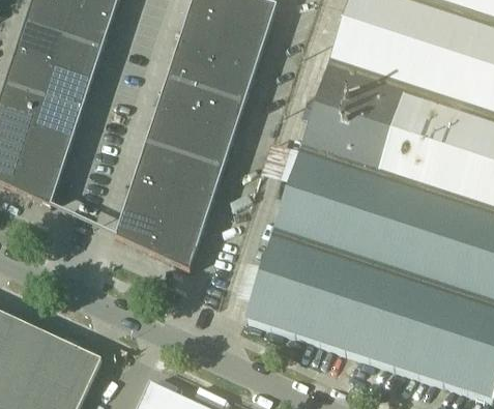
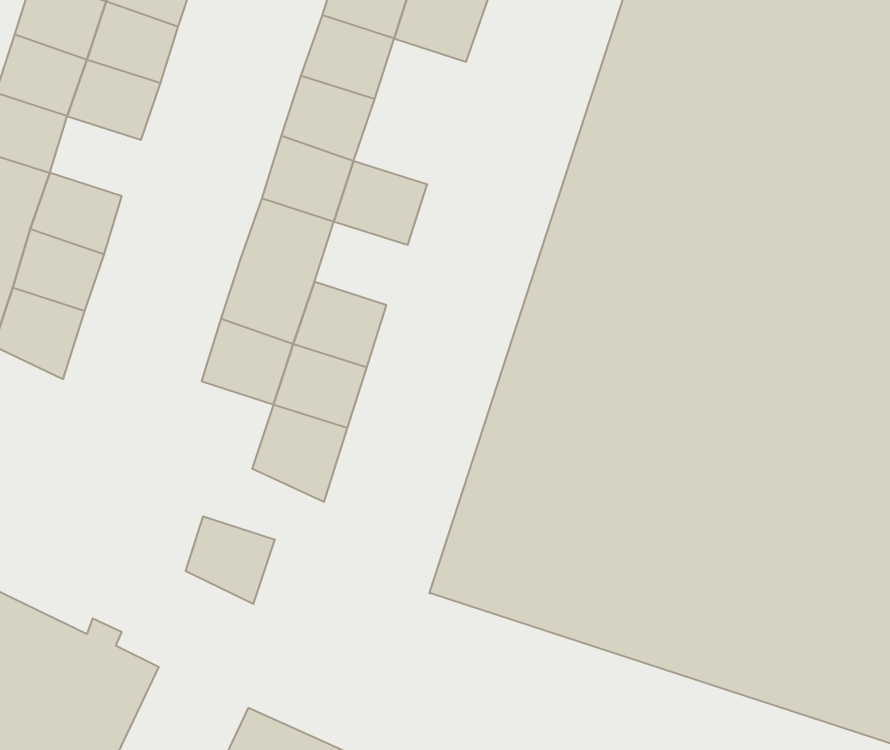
building: [205,24,265,101] -> none
building: [43,65,92,108] -> none
building: [184,121,234,166] -> none
building: [115,206,163,253] -> [185,516,275,604]

